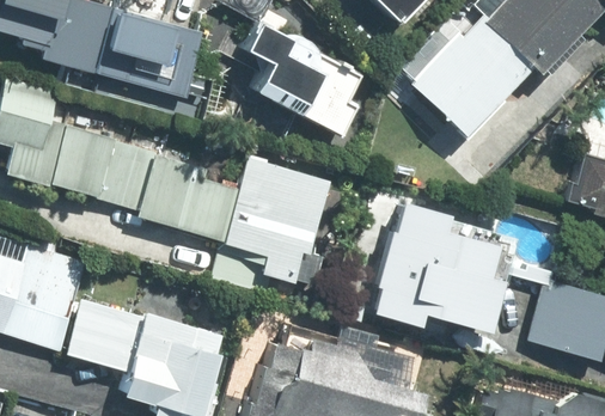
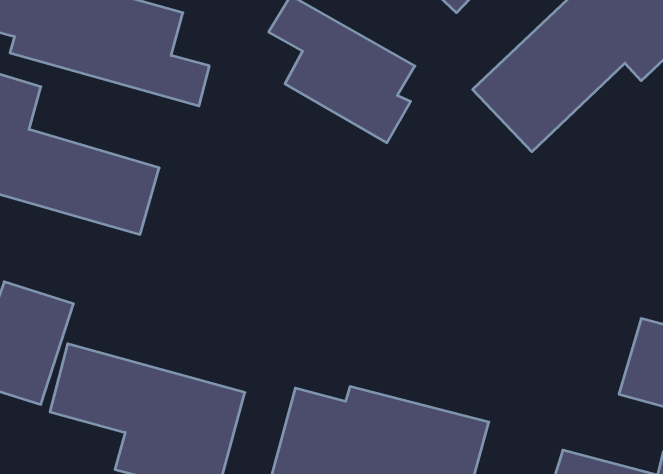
building: [141,153,329,299] -> none
building: [371,200,502,326] -> none

